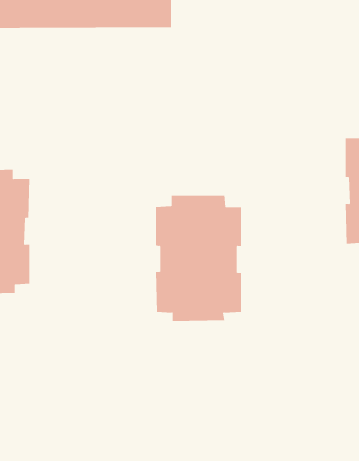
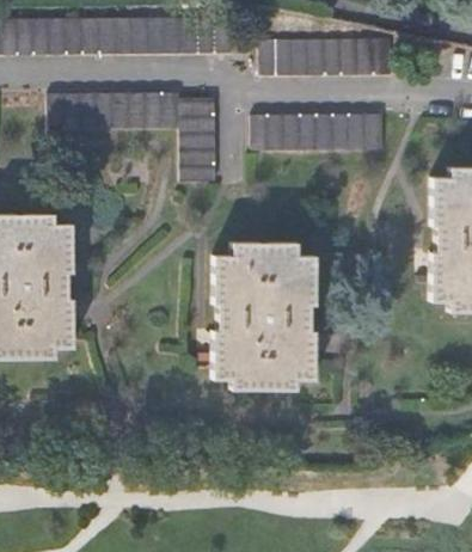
building: none -> [260,38,391,74]
building: none -> [50,93,216,182]
building: none -> [252,116,384,149]

